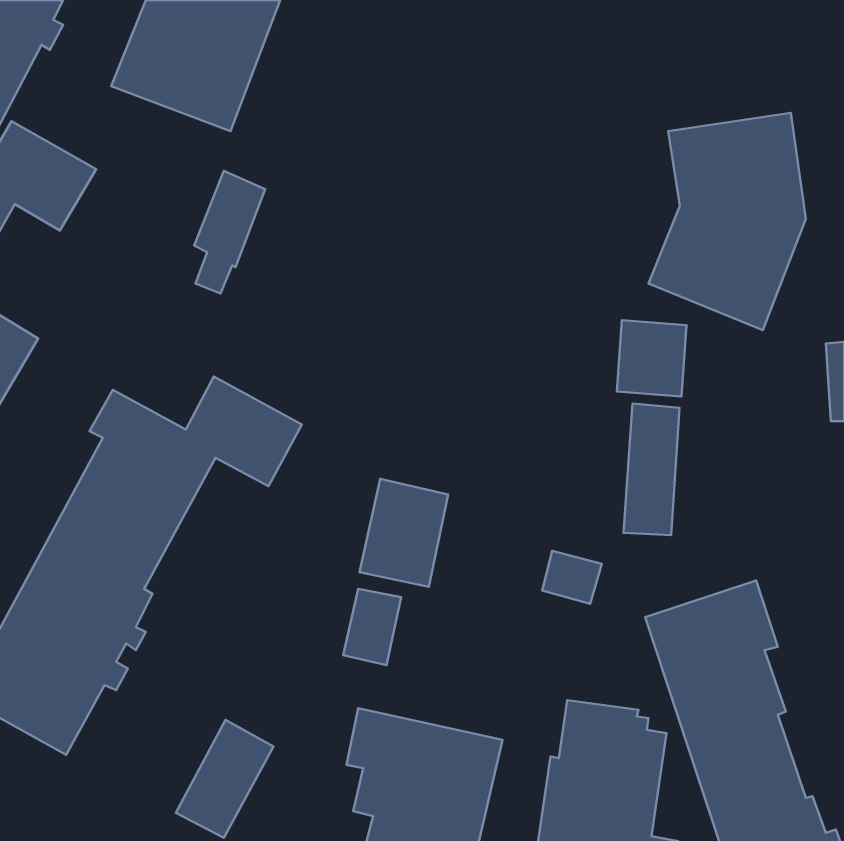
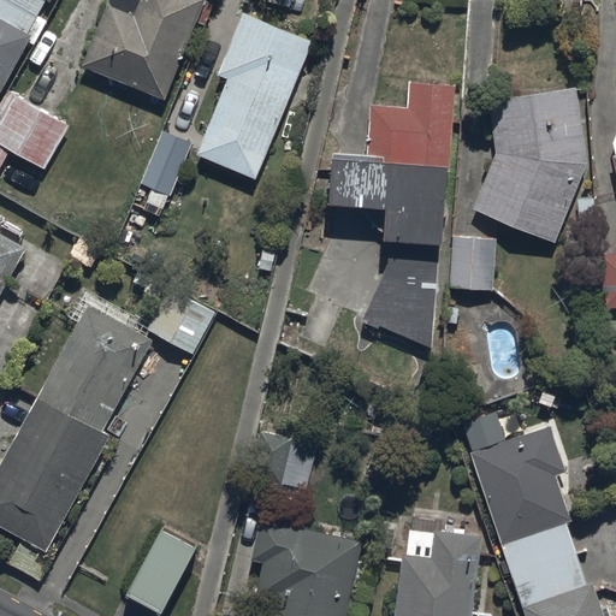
building: none -> [197,12,312,179]
building: none -> [334,83,452,348]
building: [623,404,680,535] -> none
building: [360,479,448,587] -> none

